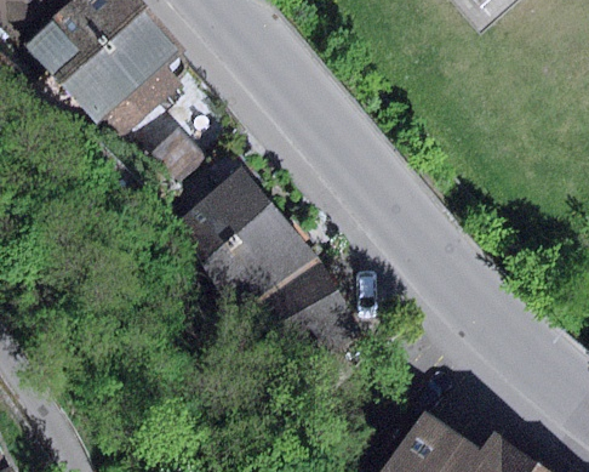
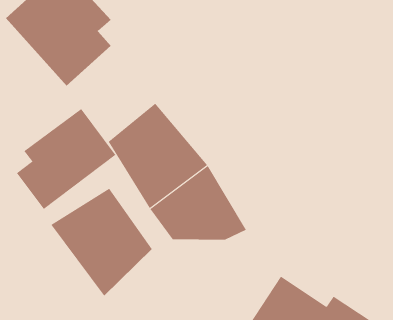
building: none -> [16,108,116,210]
building: none -> [50,188,152,297]

